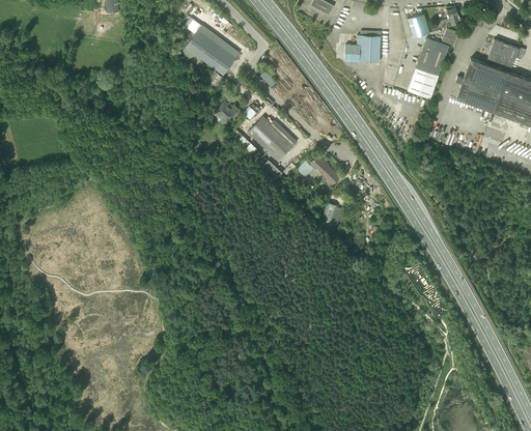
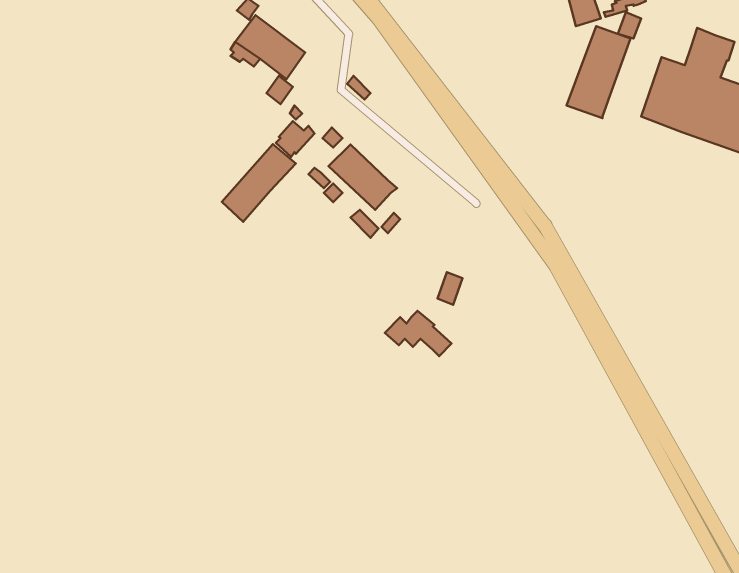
building: [346,30,382,61] -> none
building: none -> [222,144,296,222]
building: [297,154,341,184] -> [385,311,452,356]

